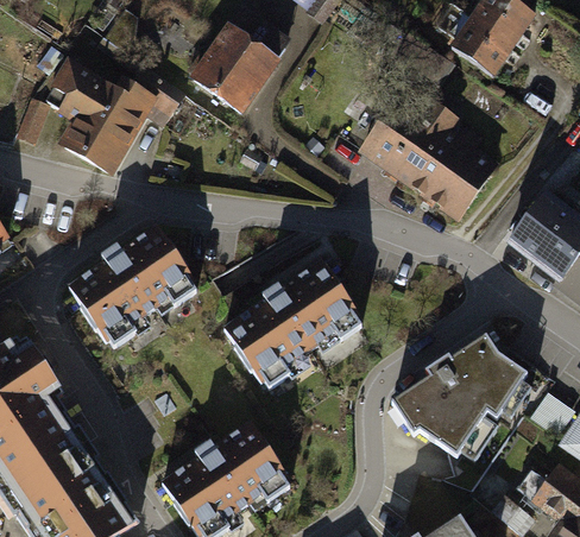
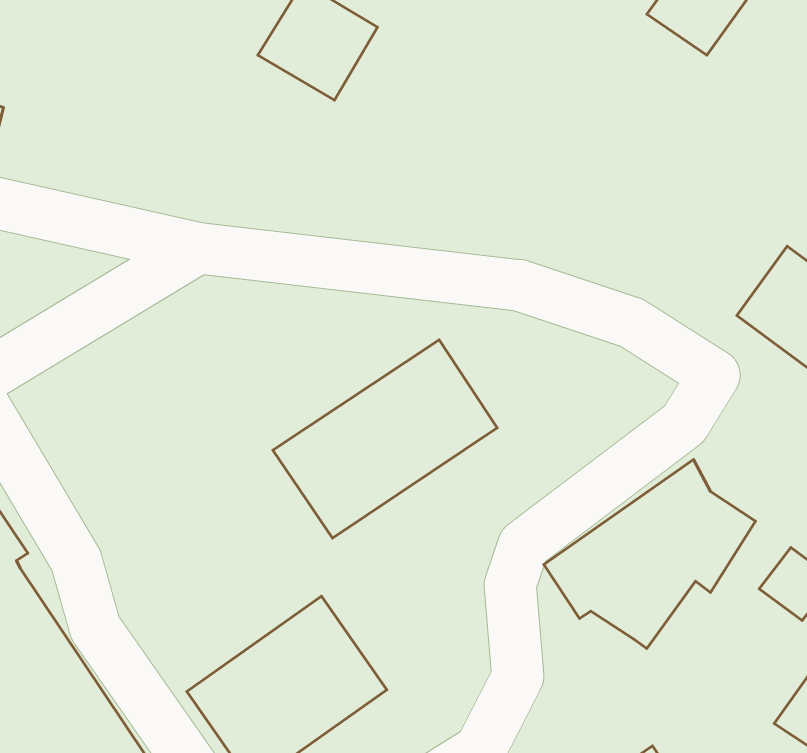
building: [50,59,156,177] -> none
building: [360,99,485,214] -> none
building: [65,223,200,348] -> none

